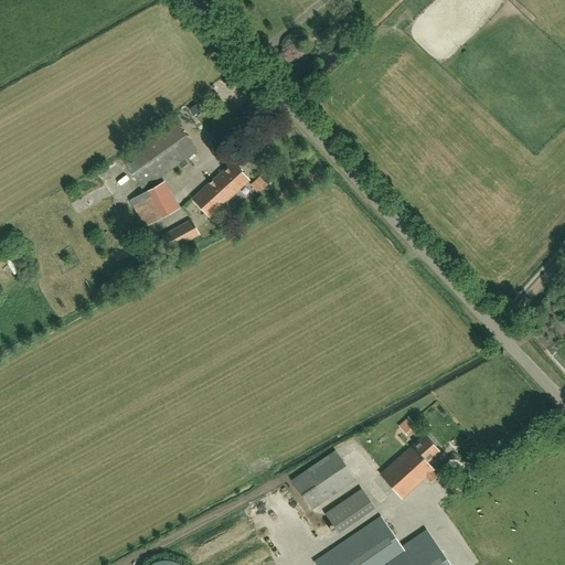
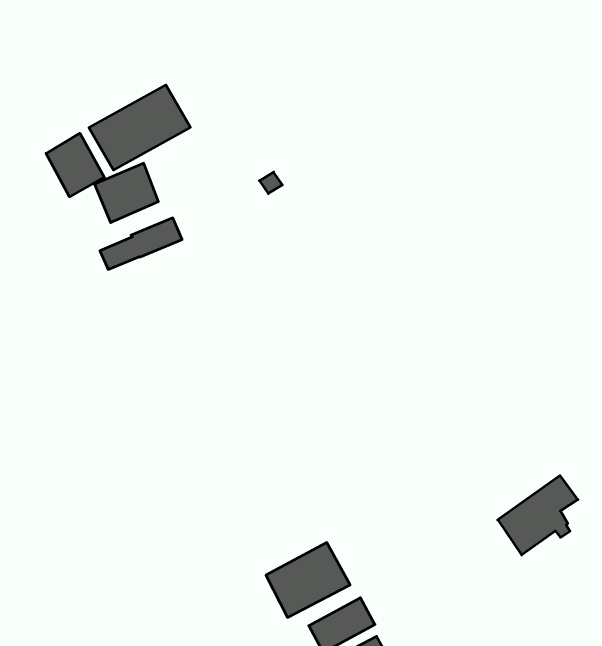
building: [193,162,248,216] -> none
building: none -> [46,133,104,197]
building: [381,436,439,499] -> [498,476,578,555]

